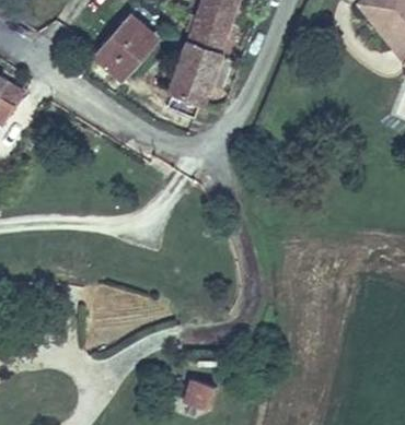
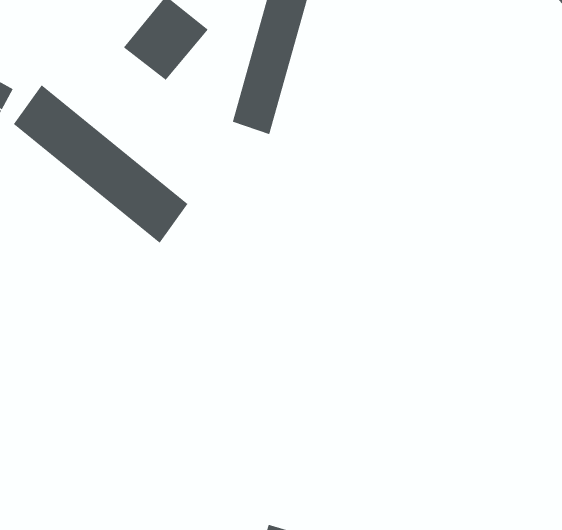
building: none -> [13,84,189,244]

